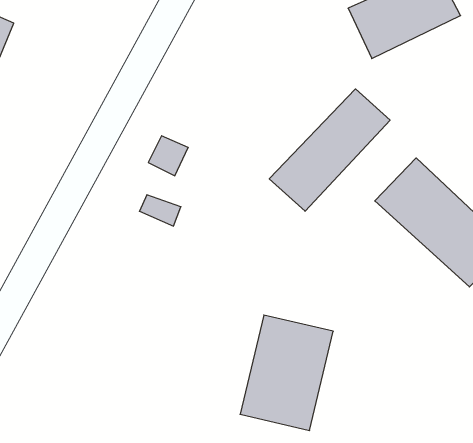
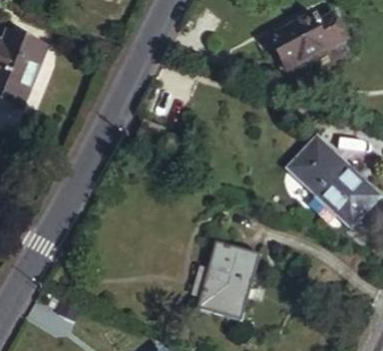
building: [269,89,390,211] -> none

